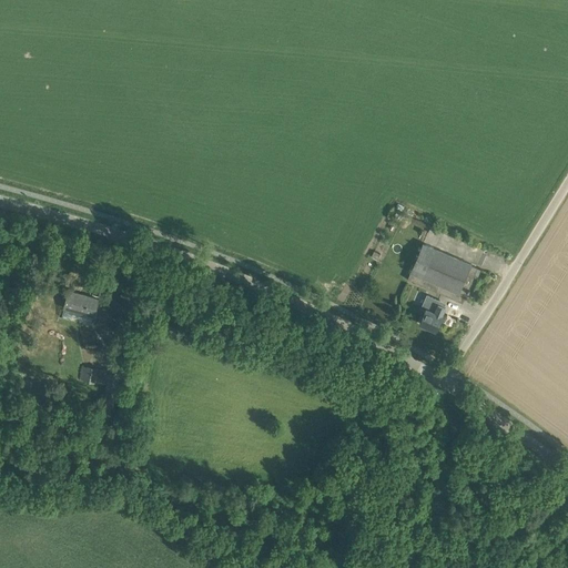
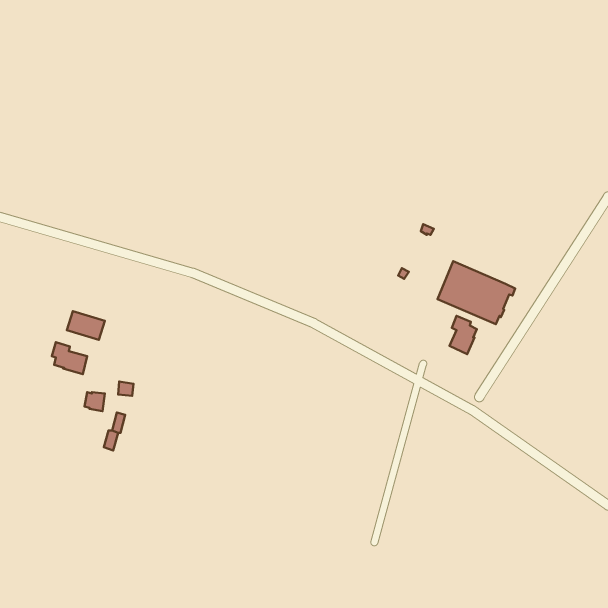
building: none -> [52,342,87,374]

